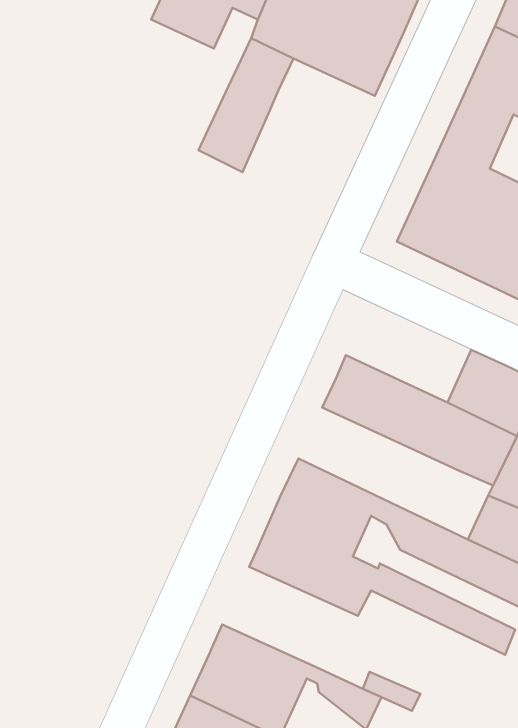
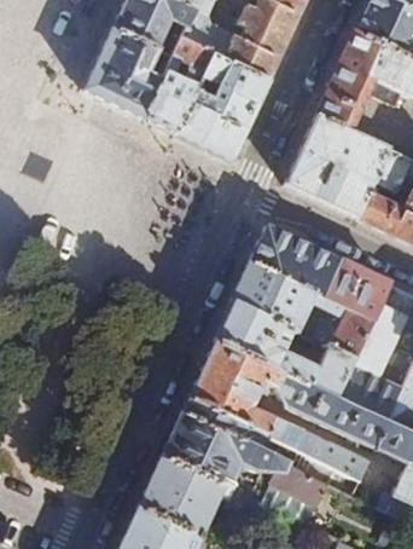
building: none -> [85,24,163,117]
building: none -> [175,52,269,161]
building: none -> [249,226,338,297]
building: none -> [215,301,354,395]
building: none -> [161,415,328,503]

